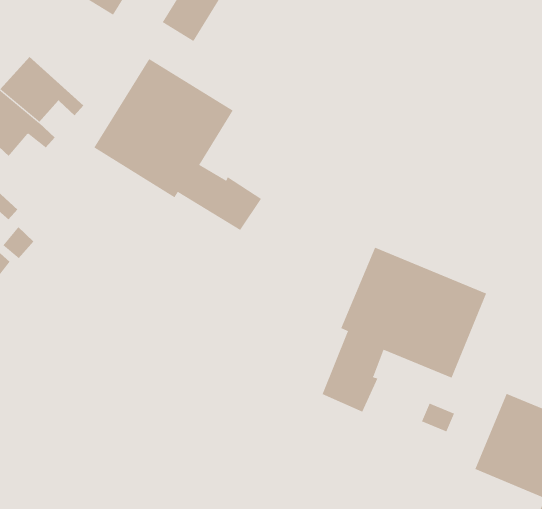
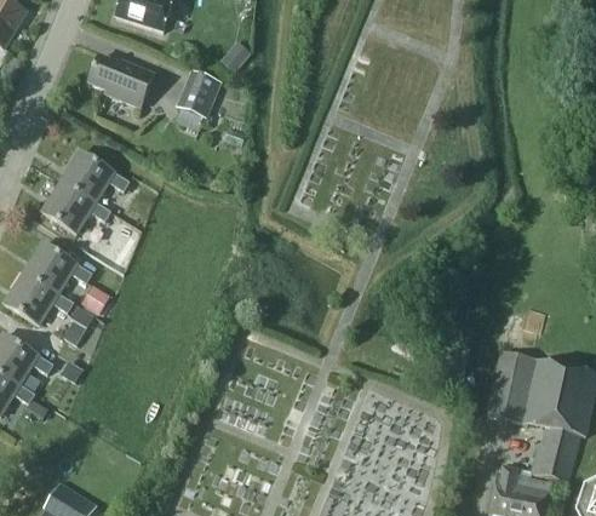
building: [94,58,262,231] -> none
building: [322,247,487,413] -> none

